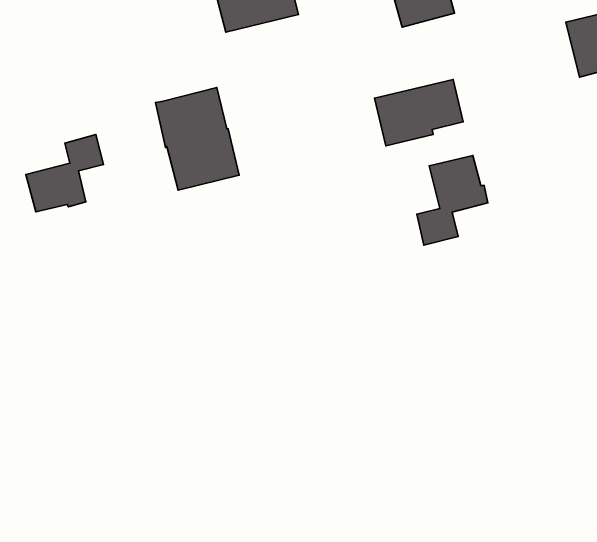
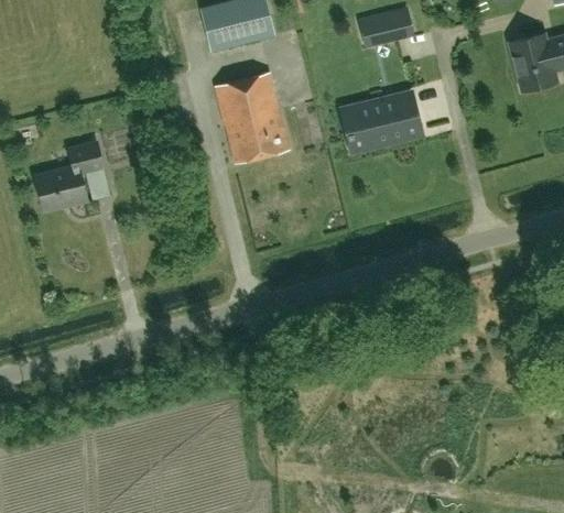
building: [156,88,239,190] -> [216,73,290,163]
building: [417,155,488,245] -> none

